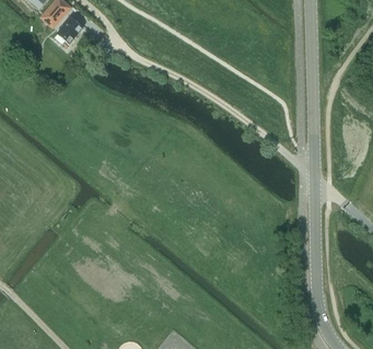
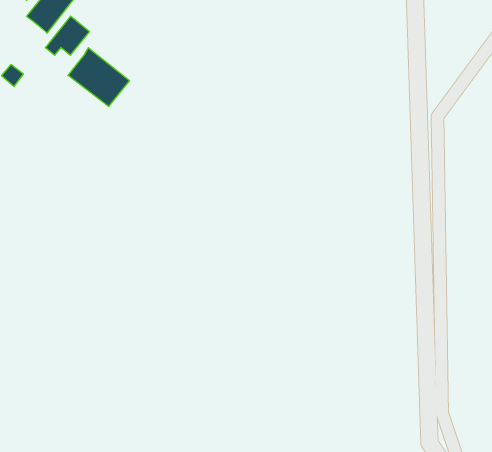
building: none -> [68,48,129,106]

